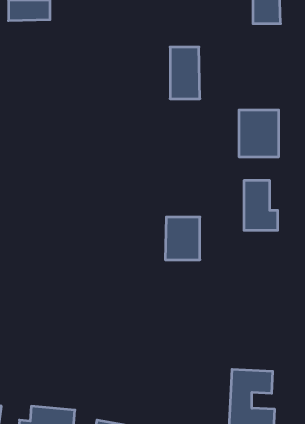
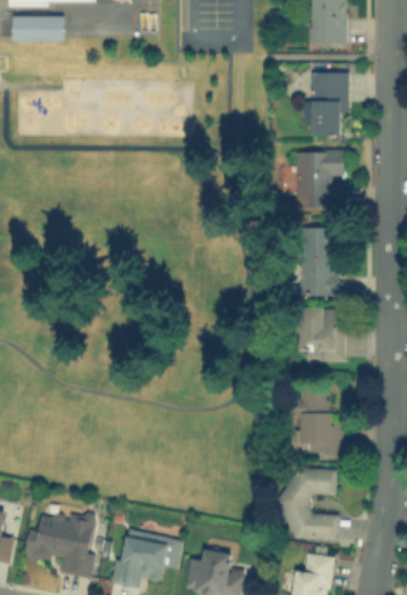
building: [170,47,200,99] -> [310,73,346,136]
building: [165,217,200,260] -> [299,308,342,360]
building: none -> [292,390,340,453]

